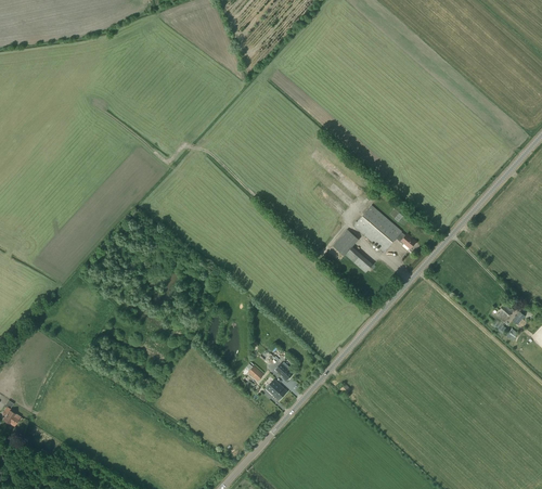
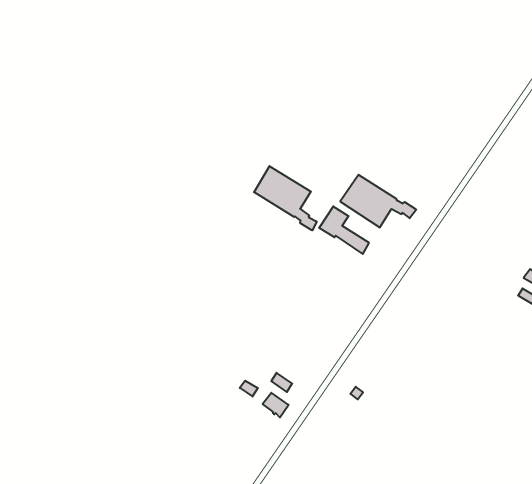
building: none -> [254,166,317,230]

